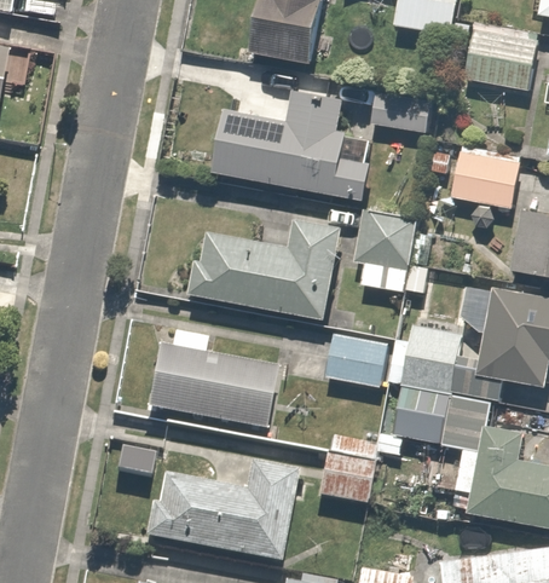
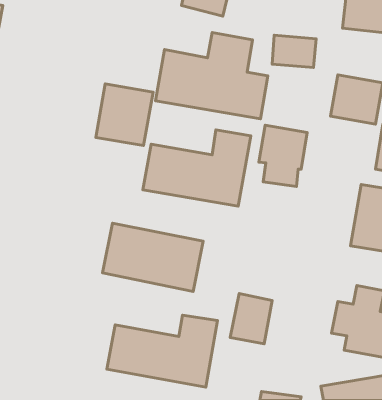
building: none -> [96,84,153,146]
building: [393,322,484,443] -> none
building: [325,334,386,385] -> none

